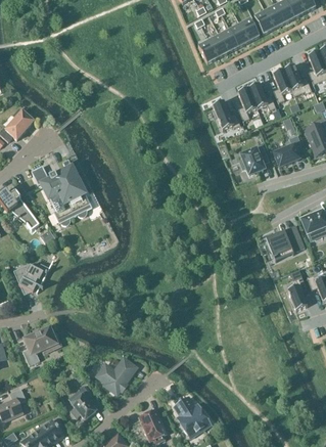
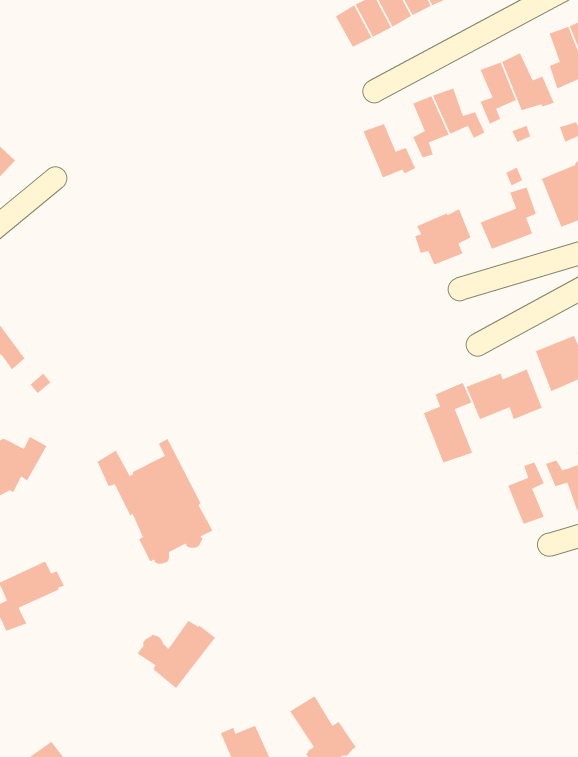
building: [32,159,92,224] -> [96,438,213,564]
building: none -> [423,382,473,464]
building: [72,385,96,419] -> none

